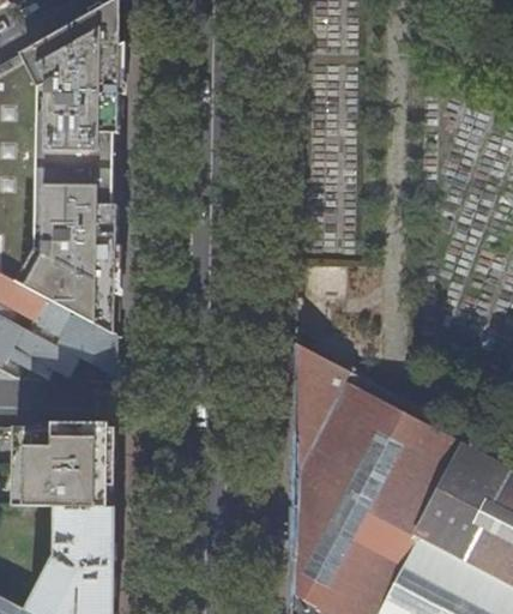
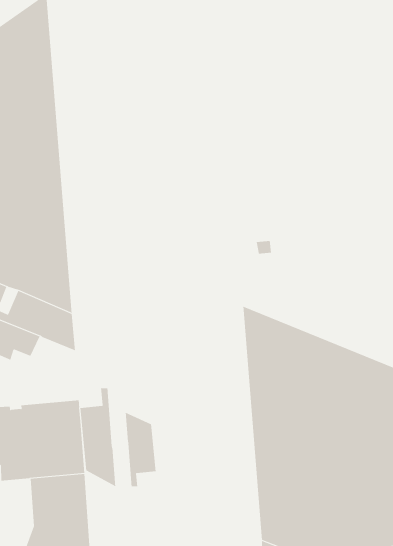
building: none -> [80,387,116,487]
building: none -> [125,412,156,487]

